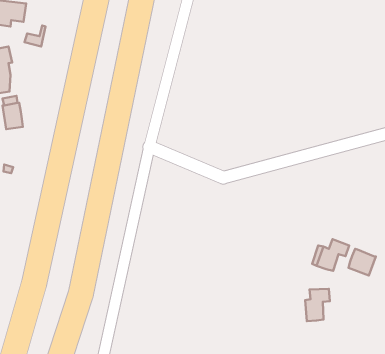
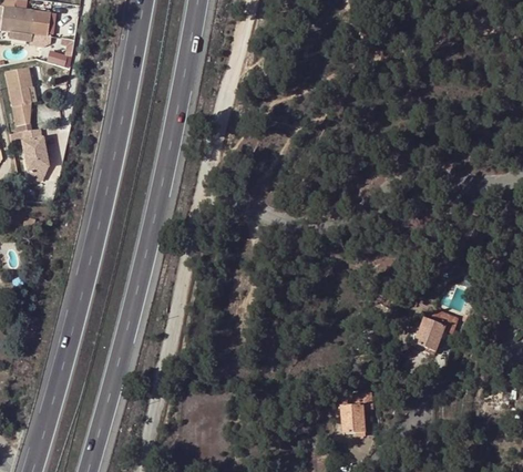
building: [348,249,376,275] -> none
building: [305,289,330,321] -> [342,393,373,434]

